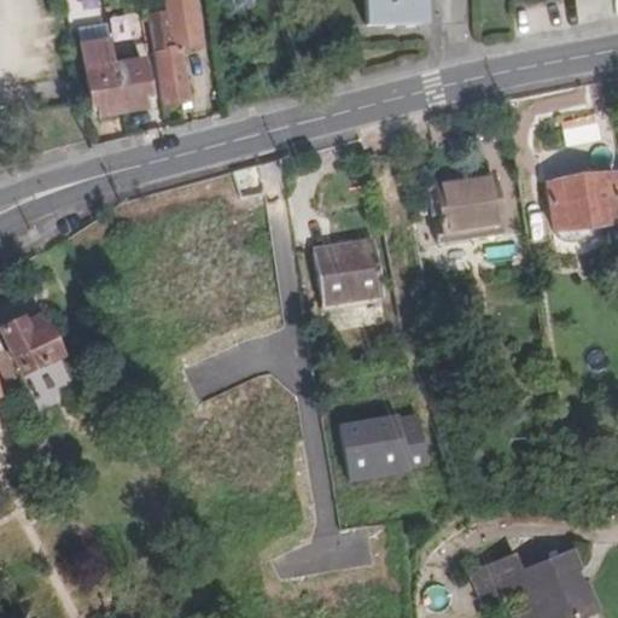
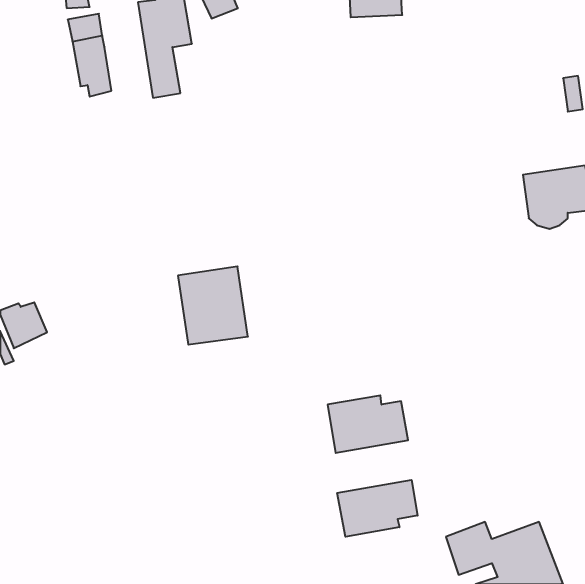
building: [112,45,145,95] -> none
building: [428,175,503,245] -> none
building: [315,241,389,323] -> [178,266,248,345]
building: none -> [337,480,418,537]

